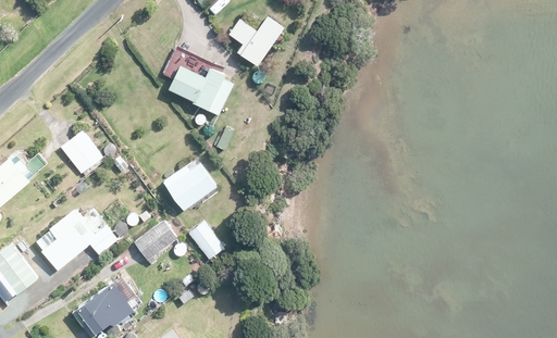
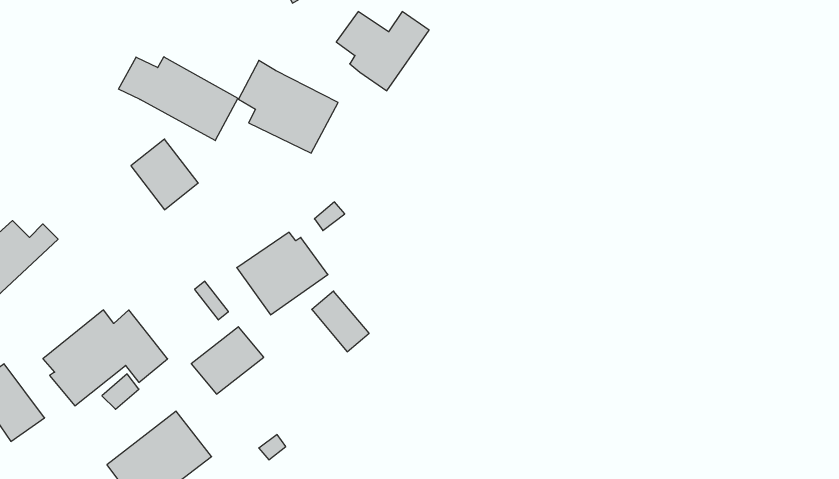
building: none -> [119,57,238,141]
building: [60,129,103,175] -> [131,139,198,210]
building: [187,221,224,260] -> [312,291,369,352]

